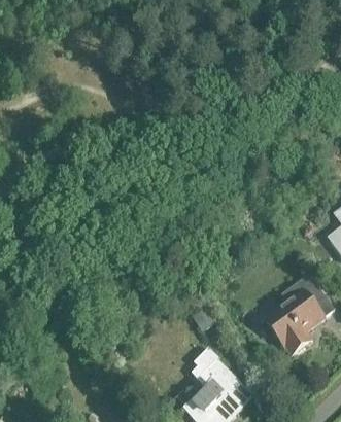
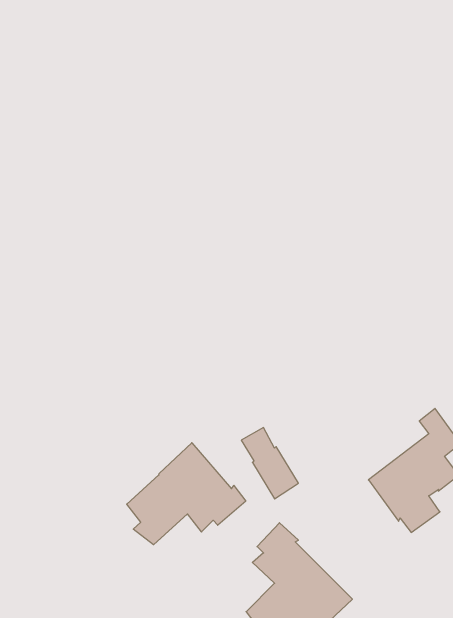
building: none -> [127,443,246,545]

